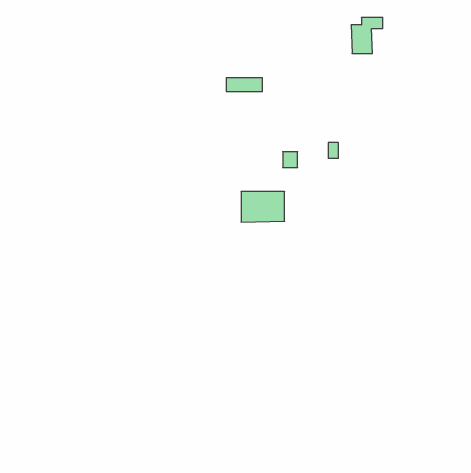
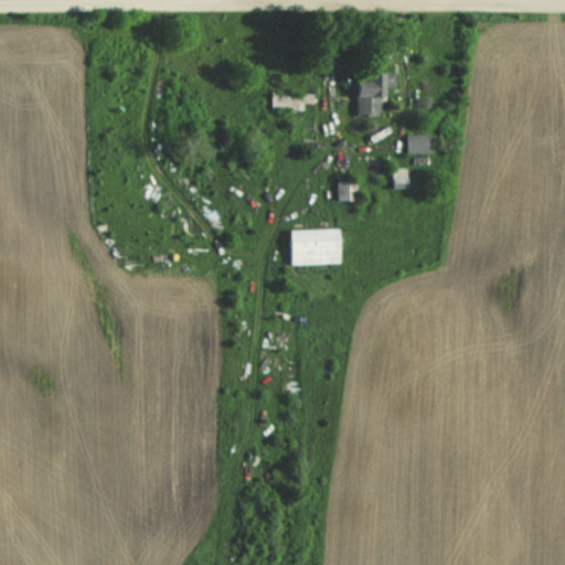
building: [351,17,383,54] -> [358,73,395,116]
building: none -> [407,134,433,153]

